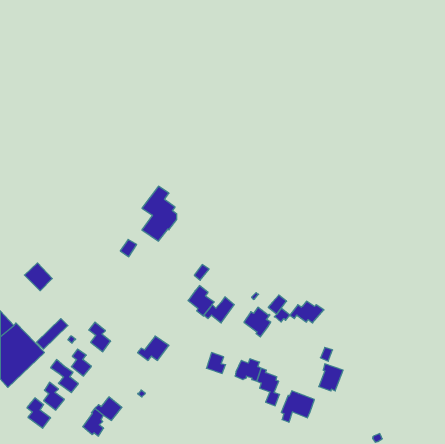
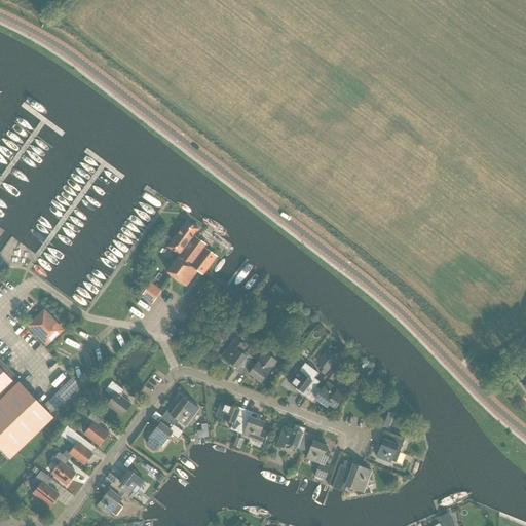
building: [290,301,324,323] -> [307,381,347,407]
building: none -> [216,402,246,428]
building: none -> [147,416,182,448]

